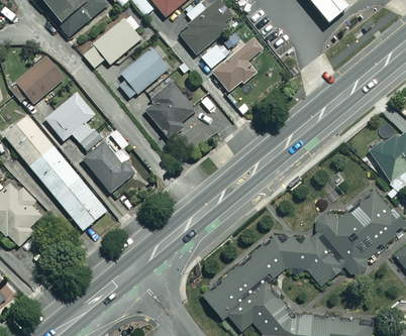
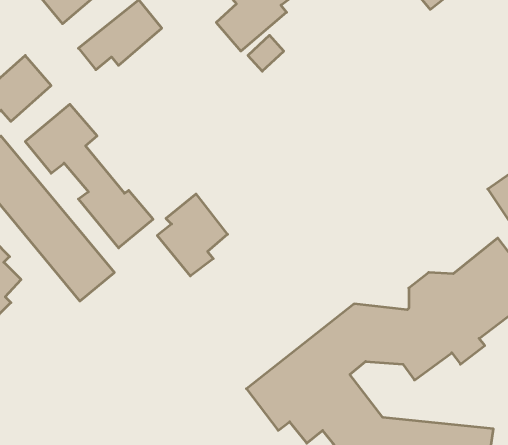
building: [212,39,263,92] -> none
building: [119,47,169,99] -> none
building: [145,82,195,139] -> [157,194,228,276]

